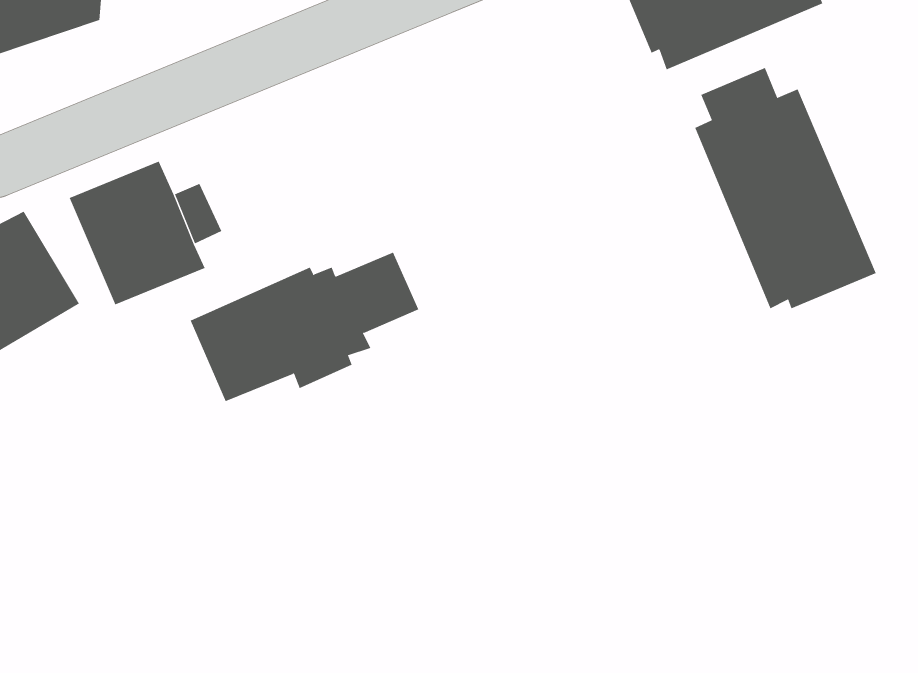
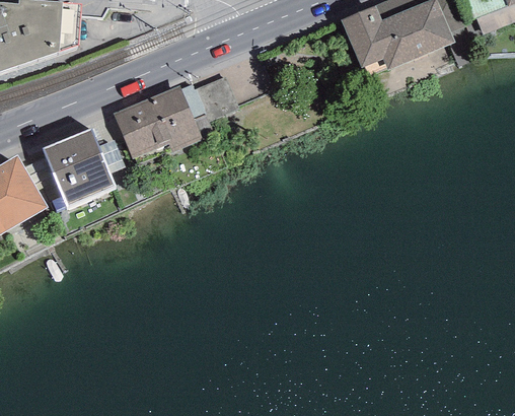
building: [694,67,876,309] -> none
building: [190,252,419,402] -> [113,76,238,158]

